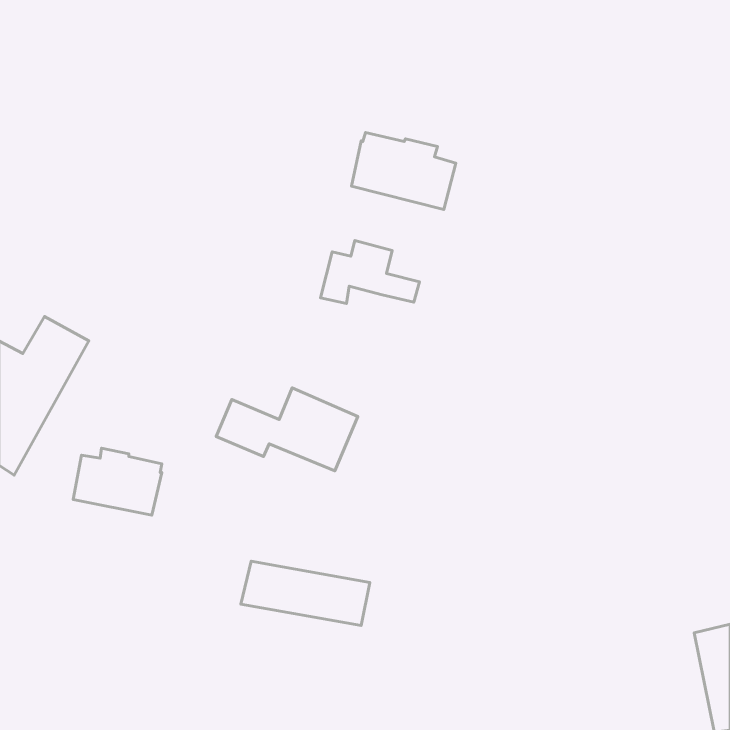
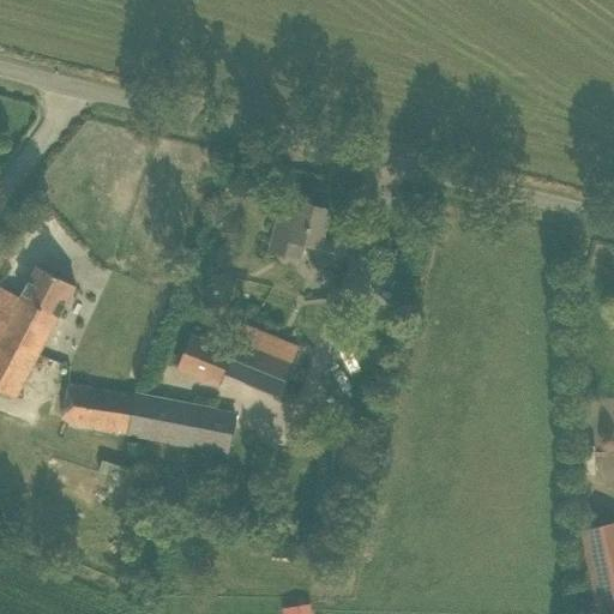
building: [352,133,456,209] -> none
building: [241,561,370,626] -> [127,397,235,451]

